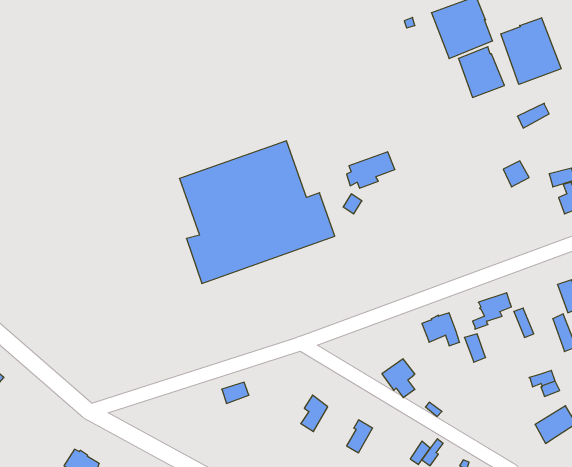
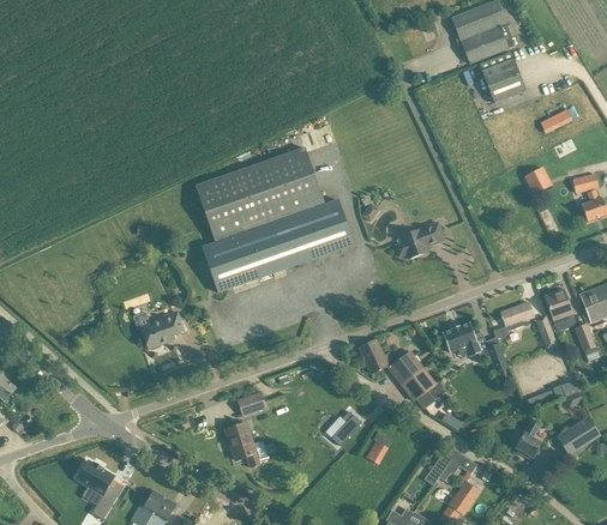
building: [501,18,561,84] -> none
building: [347,152,395,188] -> [395,222,444,259]
building: none -> [543,289,572,321]
building: none -> [139,312,182,349]
building: none -> [359,339,422,385]
building: none -> [515,422,541,461]
building: none -> [224,423,268,467]

